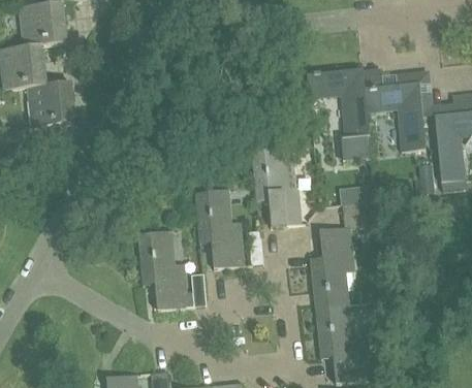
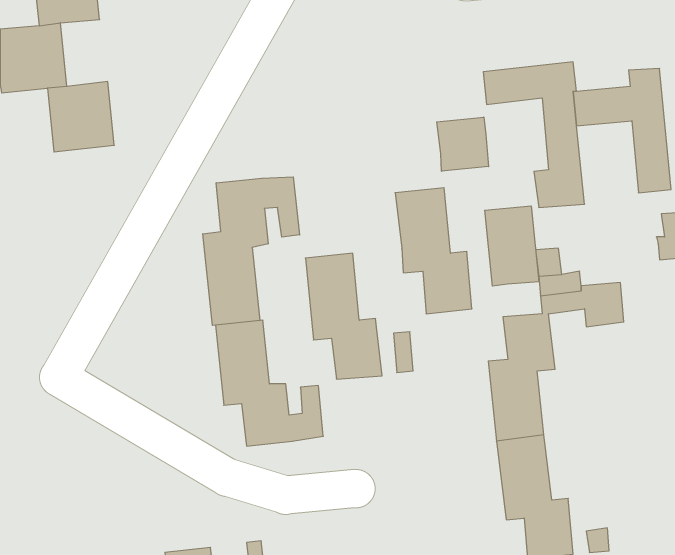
building: none -> [437,117,489,171]
building: none -> [203,177,300,325]
building: none -> [485,206,539,286]

